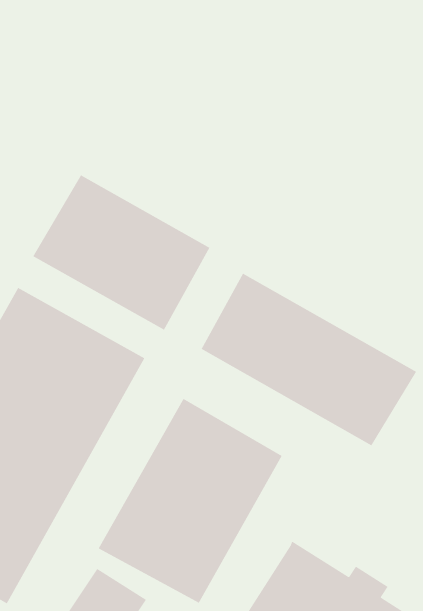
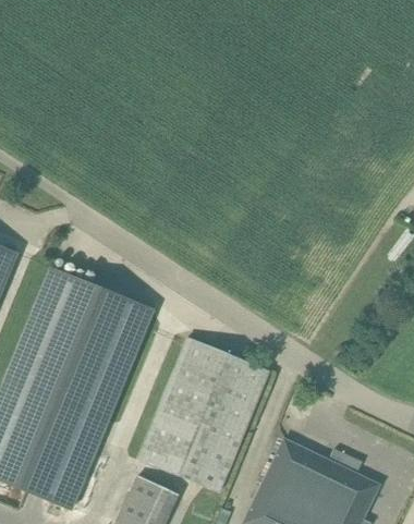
building: [33,174,210,331] -> none
building: [201,273,417,446] -> none

